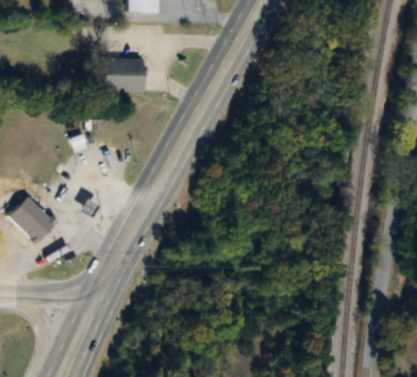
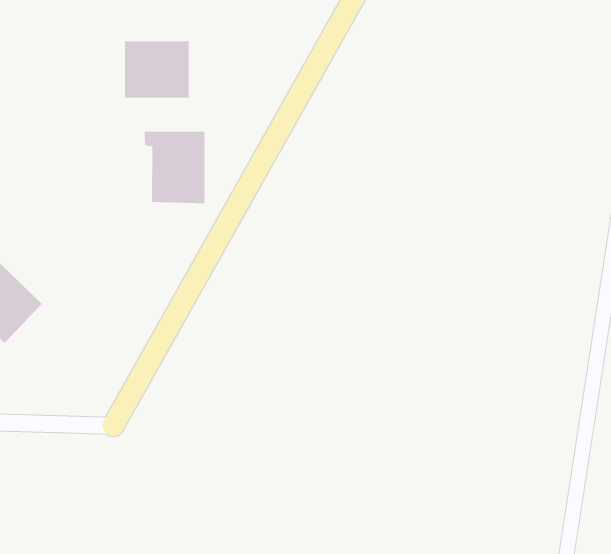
building: none -> [144,131,205,204]

